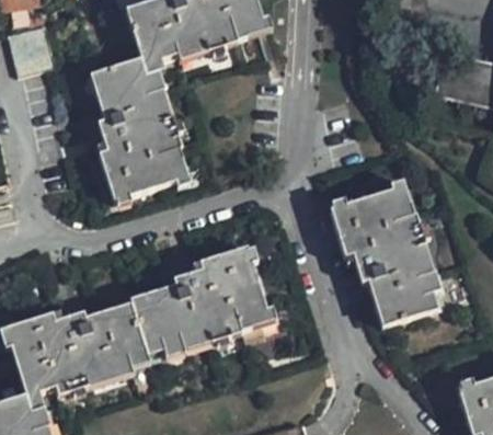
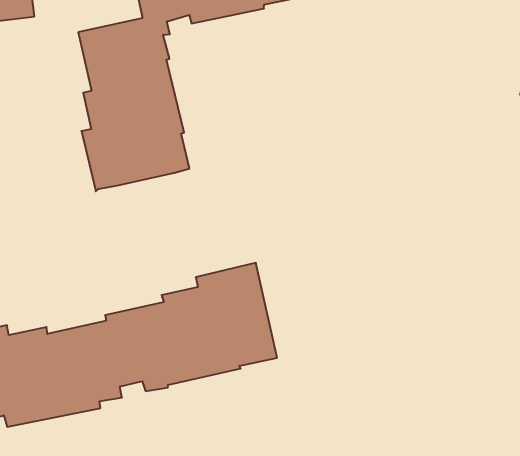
building: [330,184,440,324] -> none

